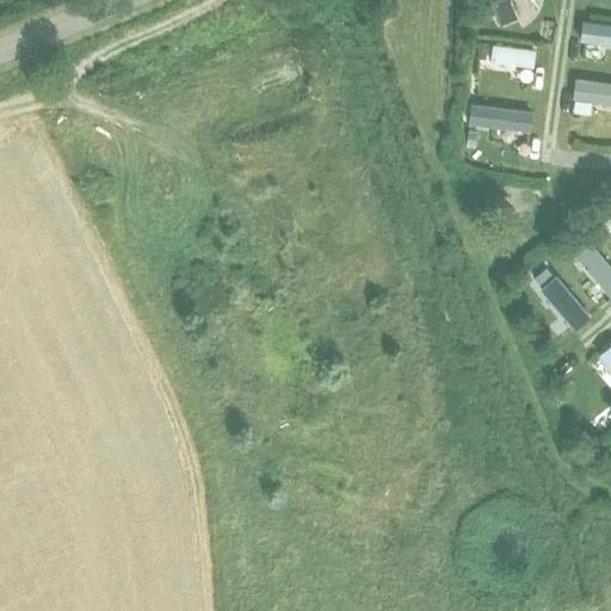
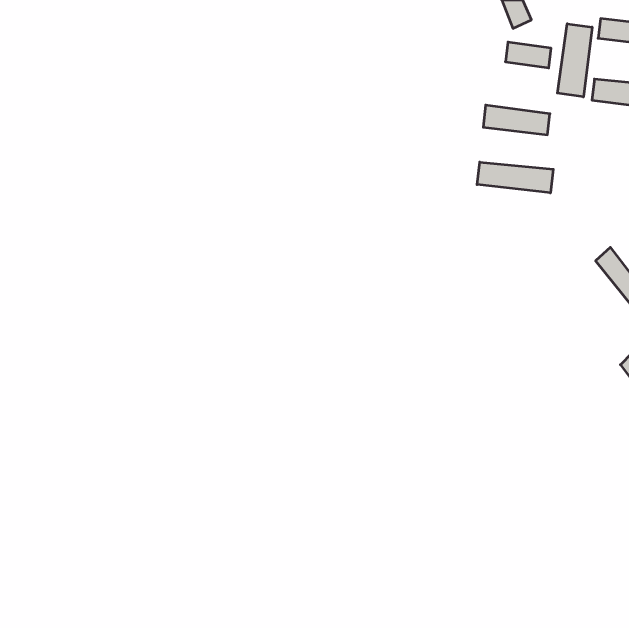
building: none -> [557,24,592,97]
building: none -> [477,162,553,193]
building: [541,277,591,332] -> none

